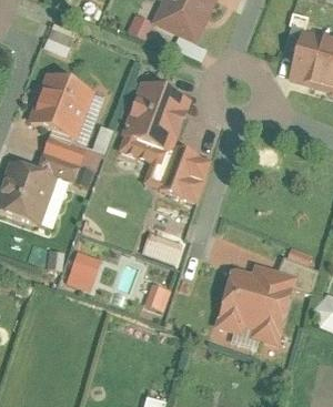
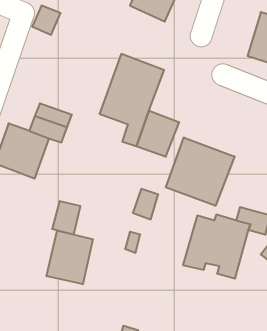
building: [28,73,93,140] -> none
building: none -> [166,137,235,206]
building: none -> [47,231,93,284]

